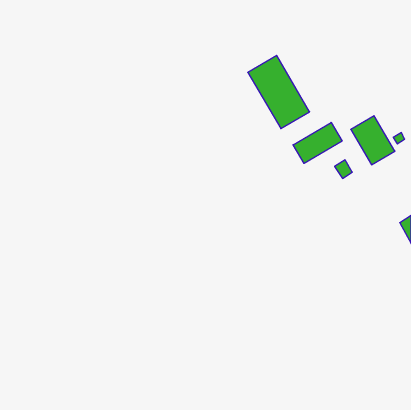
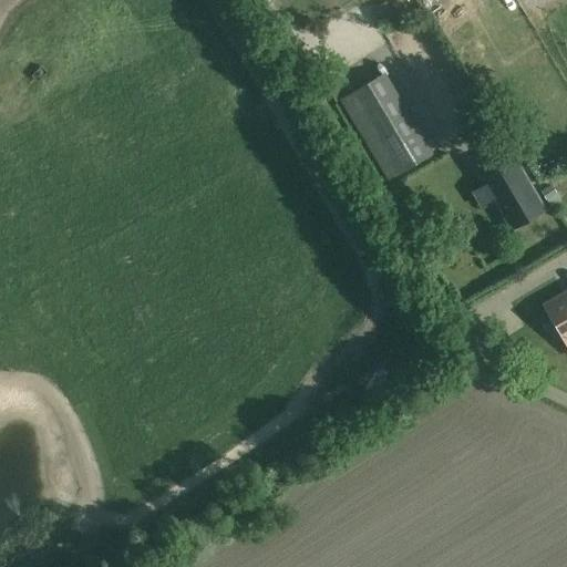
building: [293,122,342,163] -> none

